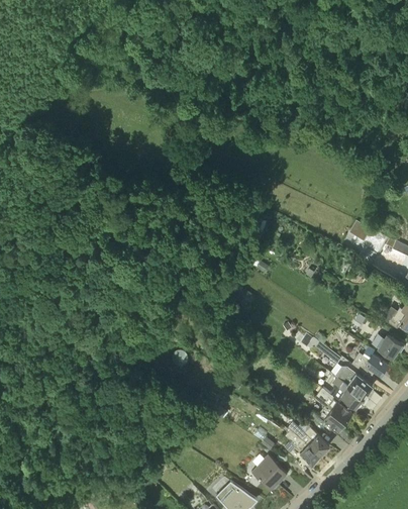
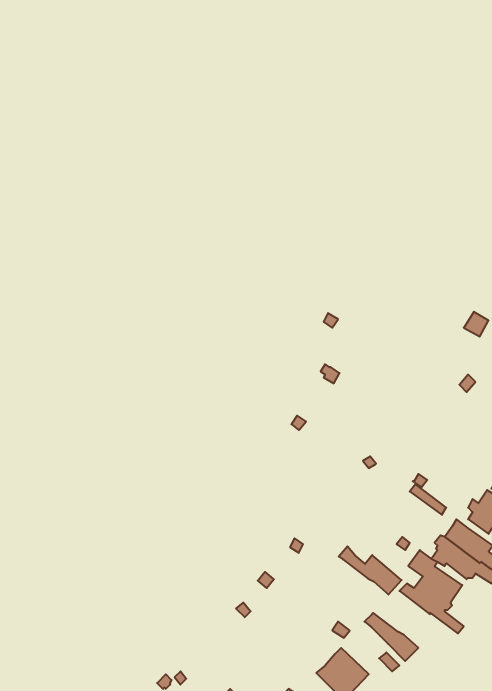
building: [288,422,331,455] -> [339,546,402,595]

